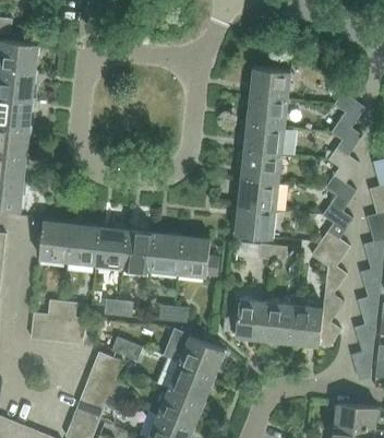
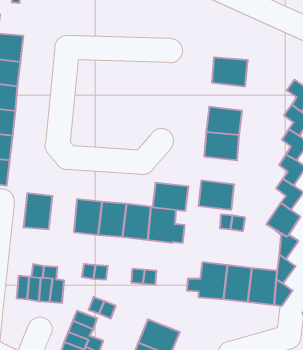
building: [247,96,287,128] -> none
building: [238,179,278,211] -> [153,183,189,211]
building: [67,224,98,264] -> none
building: [161,330,224,377] -> none

